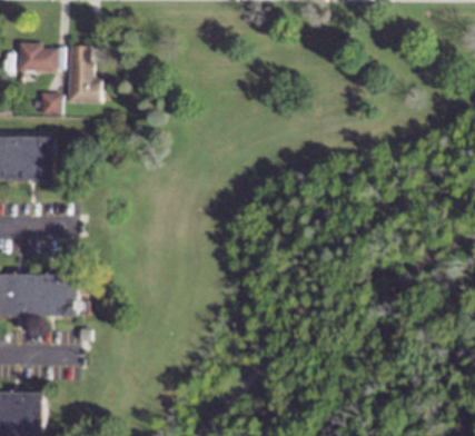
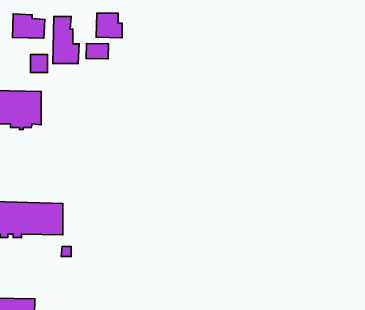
building: none -> [96,13,122,38]
building: none -> [86,43,109,59]

